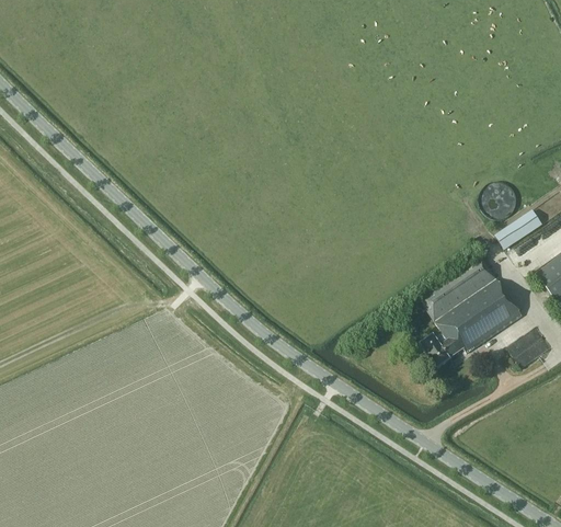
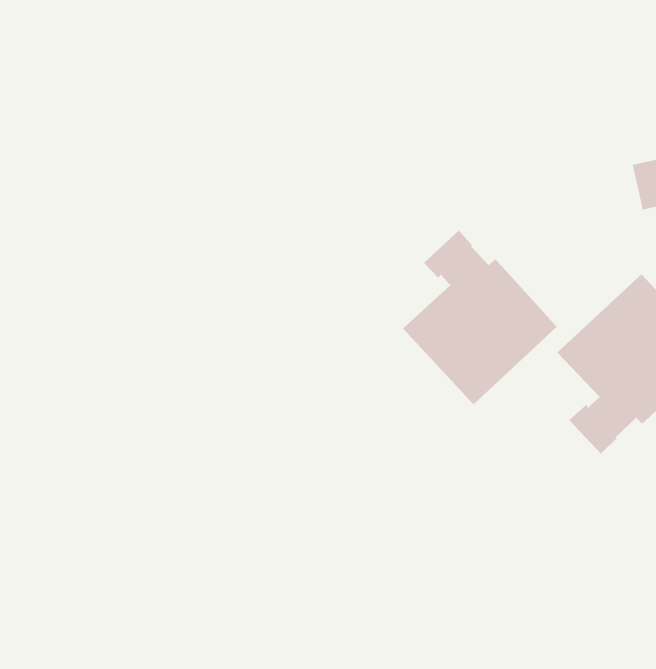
building: none -> [402,230,557,405]

